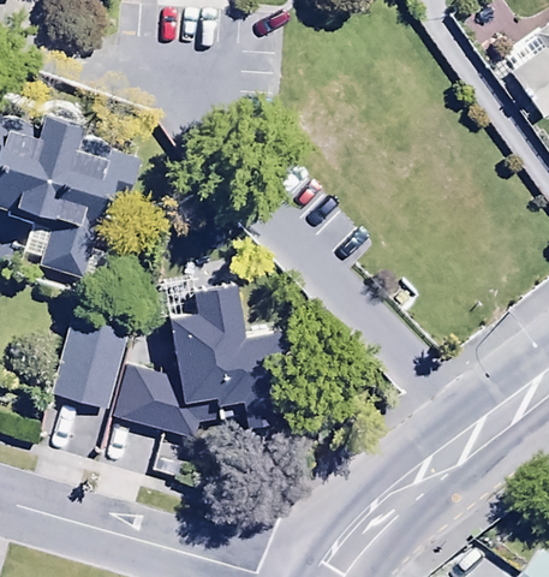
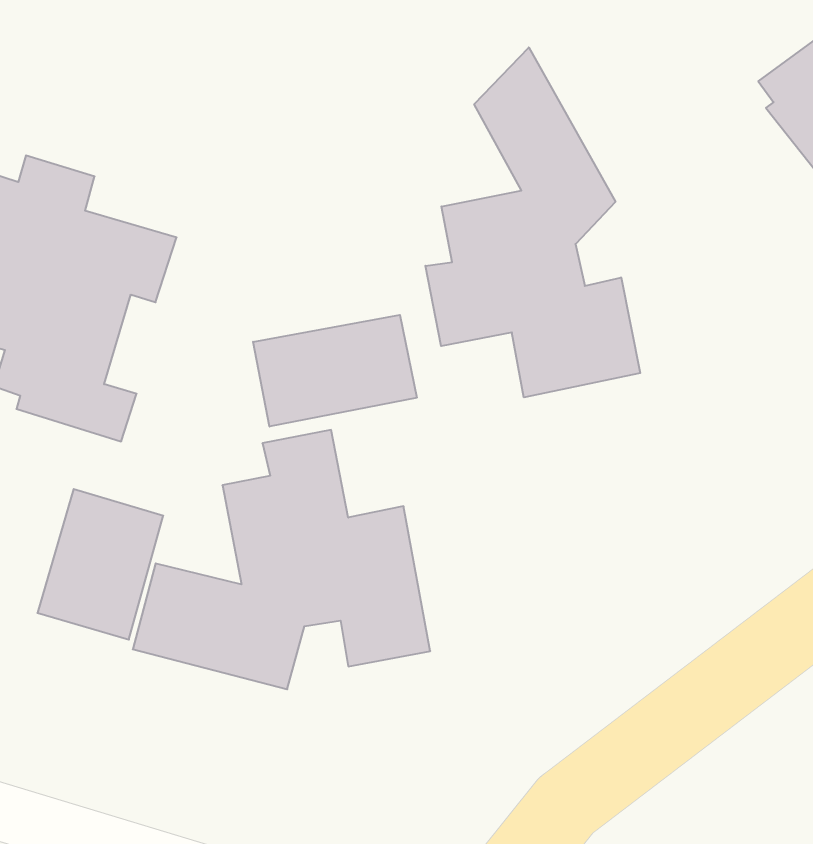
building: none -> [425,47,640,397]
building: none -> [253,315,417,427]

